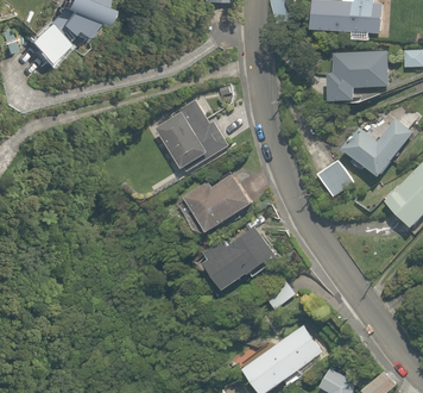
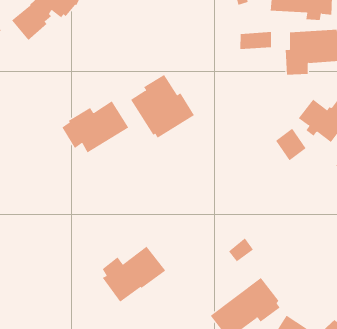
building: none -> [240,31,272,50]
building: [178,174,253,232] -> [62,101,129,153]
building: [203,226,274,289] -> [102,246,166,303]

